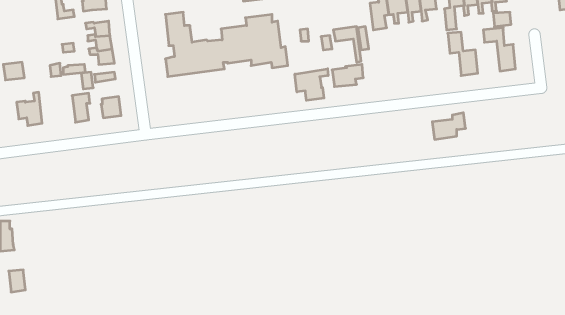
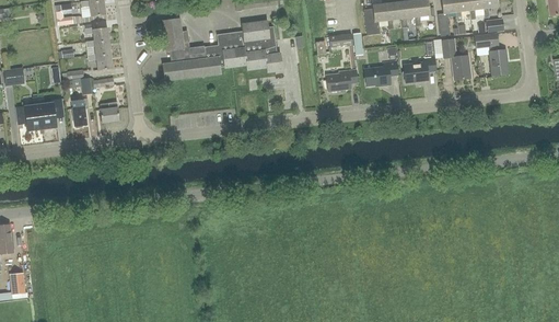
building: none -> [364,60,398,85]
building: [295,69,328,100] -> none
building: none -> [38,96,63,127]
building: [432,113,466,139] -> [404,56,436,82]

